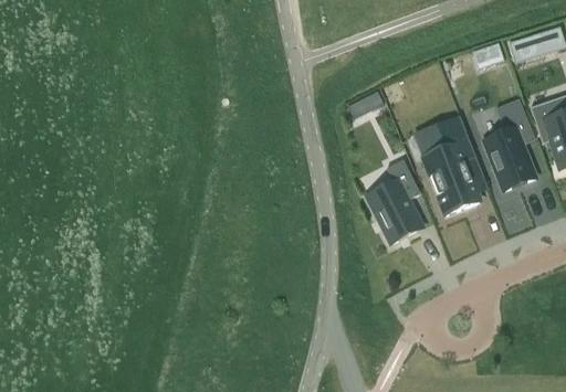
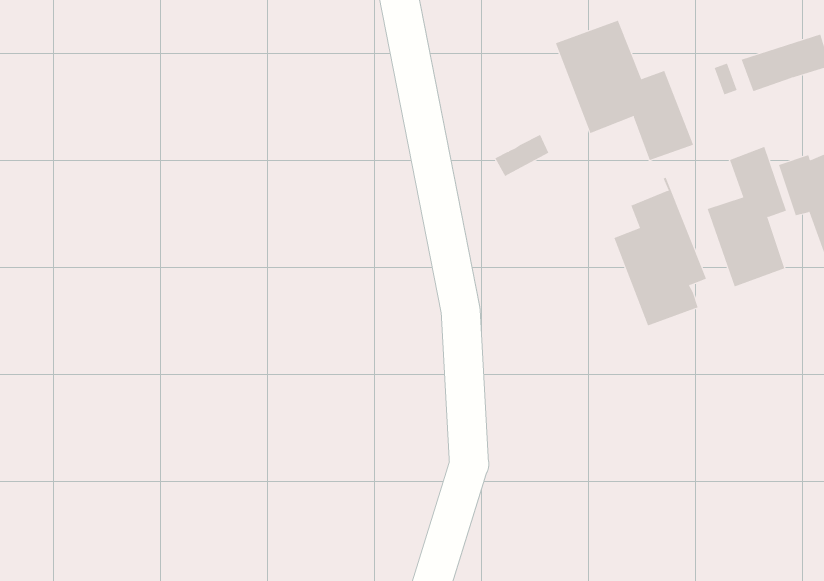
building: none -> [555,20,694,161]
building: [366,160,421,243] -> none

